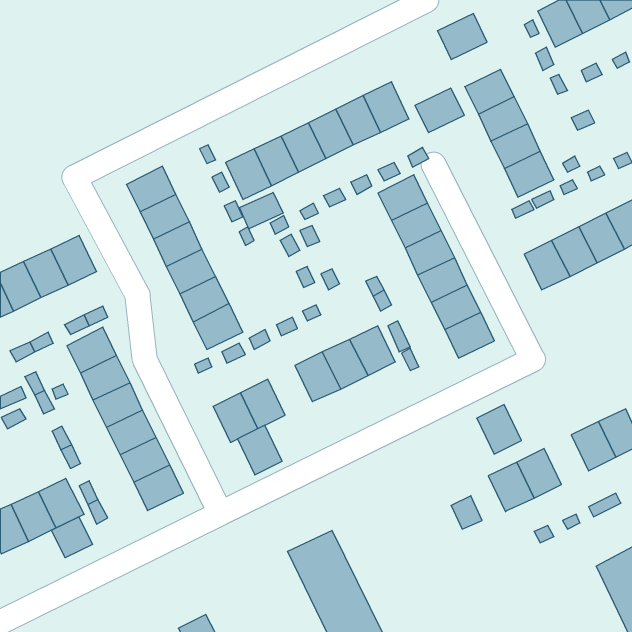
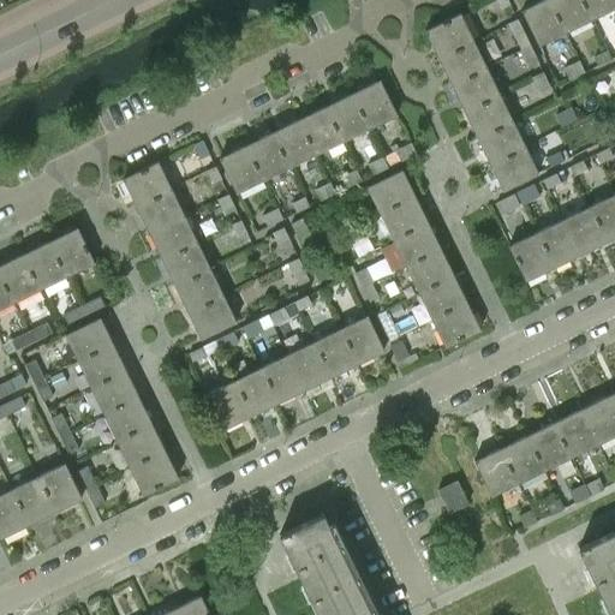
building: [415,88,464,133] -> [438,42,486,85]
building: [240,192,283,229] -> none
building: [477,405,521,454] -> [529,423,572,471]
building: [237,425,282,475] -> [261,356,304,404]
building: [51,517,93,558] -> none

